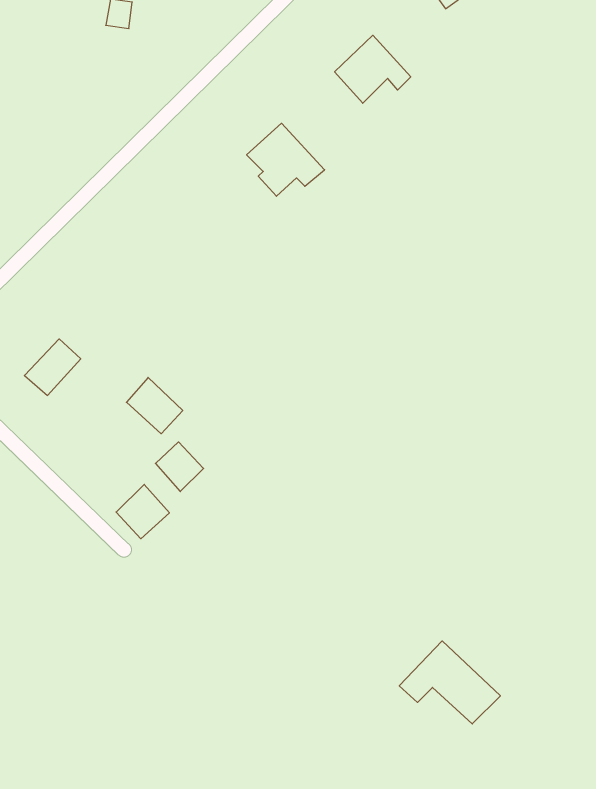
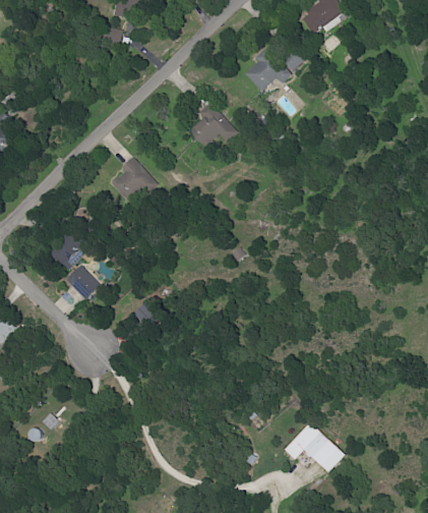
building: none -> [109,157,160,203]
building: [126,377,183,434] -> [65,264,100,298]
building: [116,484,169,539] -> none

